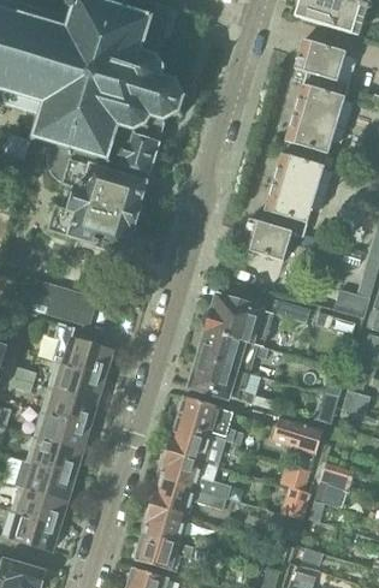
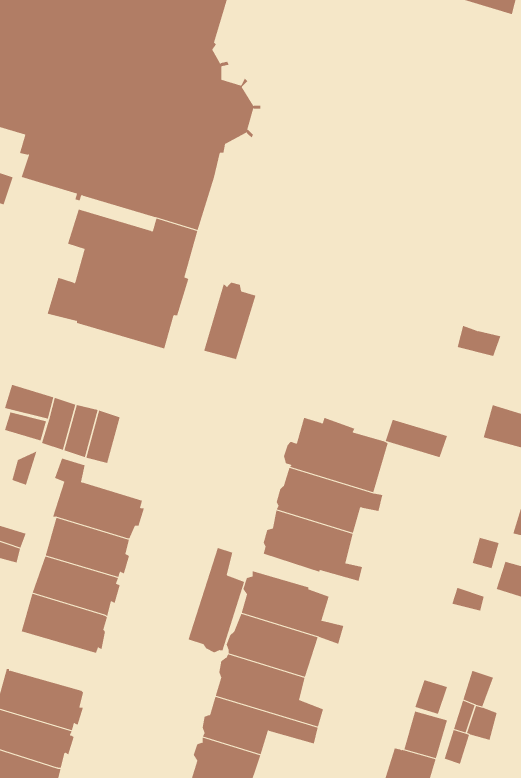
building: [241,38,350,260] -> none
building: none -> [204,282,256,361]
building: none -> [188,547,245,653]
building: [273,414,322,453] -> none
building: [25,435,83,475] -> none

